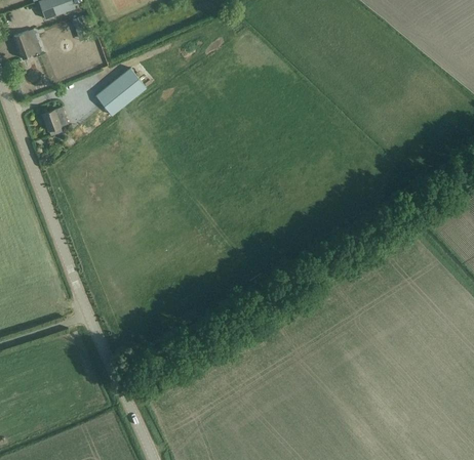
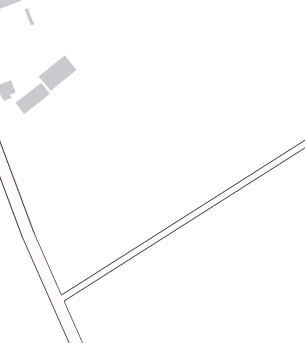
building: none -> [15,82,51,115]

